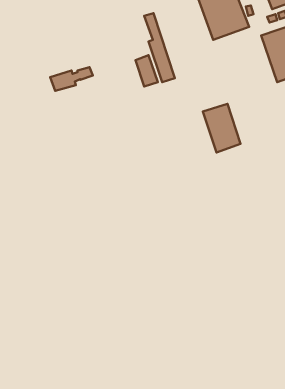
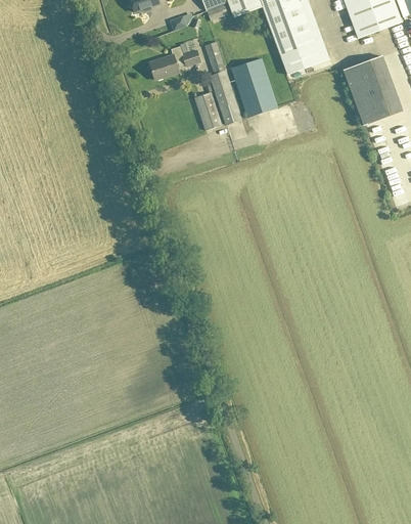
building: [50,67,93,91] -> [148,50,199,79]
building: [203,104,240,153] -> [231,58,276,117]

